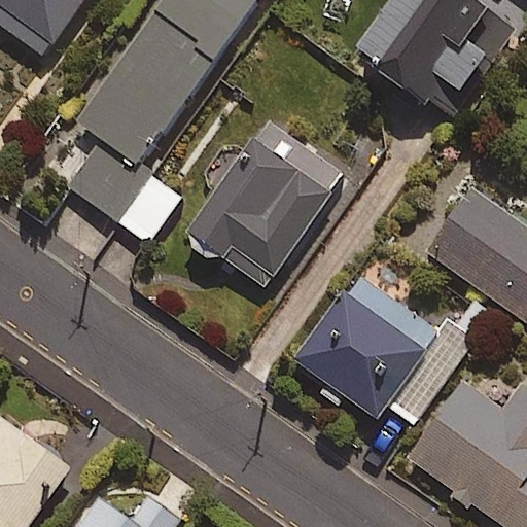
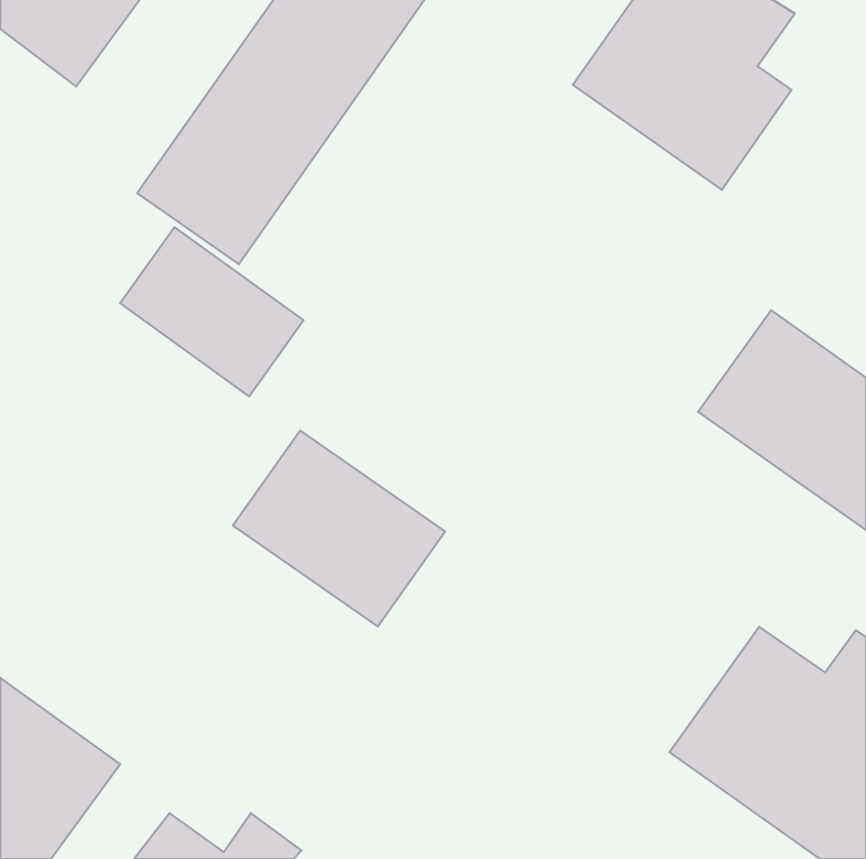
building: [184,120,342,287] -> none
building: none -> [233,431,445,627]
building: [287,271,463,423] -> none

